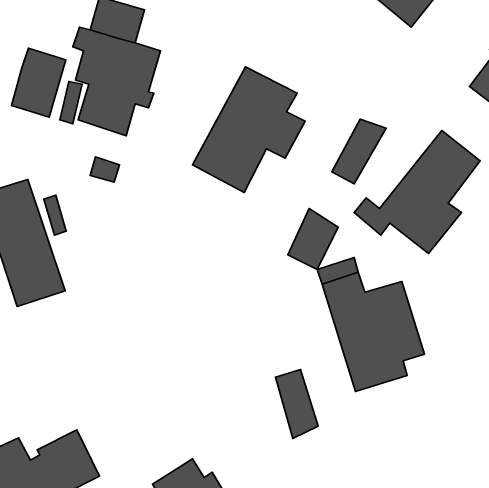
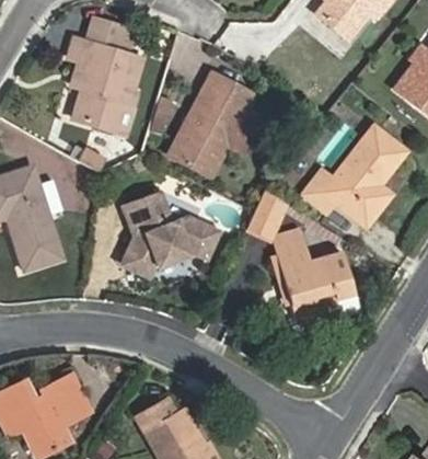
building: [12,48,66,117] -> none
building: [332,119,386,184] -> none
building: none -> [120,188,221,271]
building: [276,369,318,439] -> none

